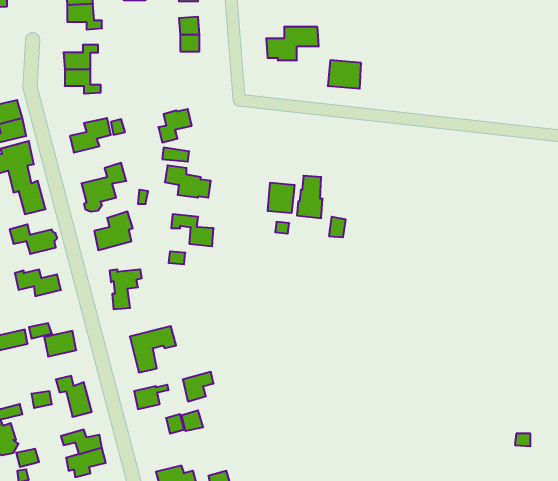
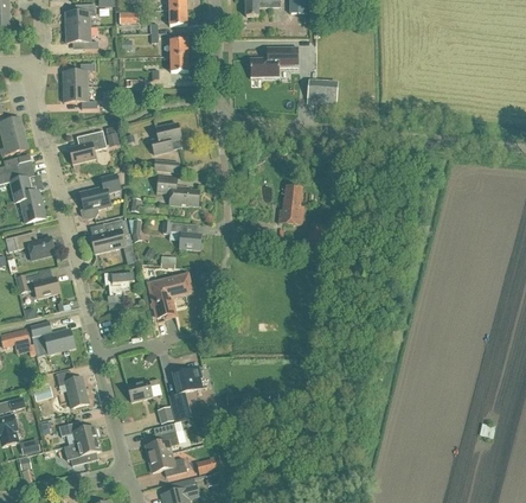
building: [268,183,295,213] -> none
building: [130,326,176,372] -> [148,274,191,317]
building: none -> [143,429,178,459]

